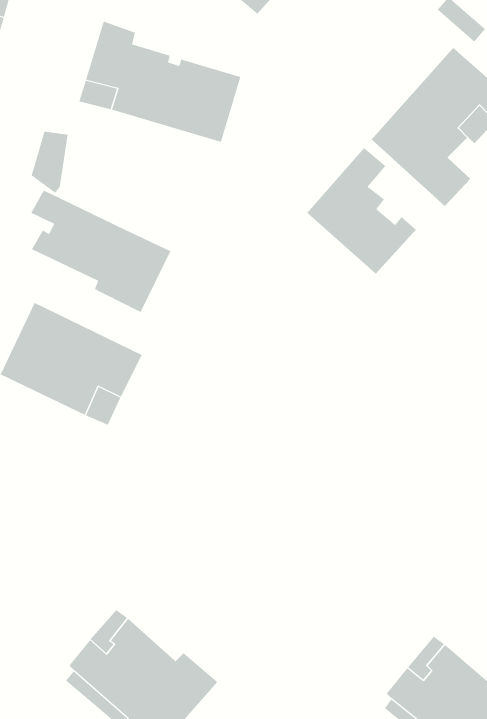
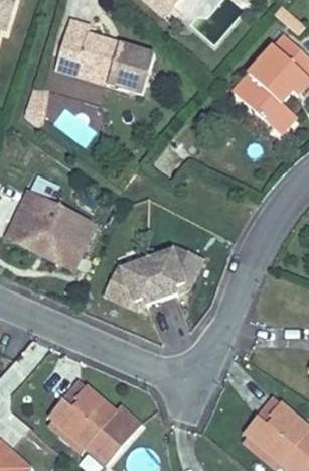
building: [307,147,417,274] -> none
building: [31,190,171,313] -> none
building: none -> [105,245,193,312]

